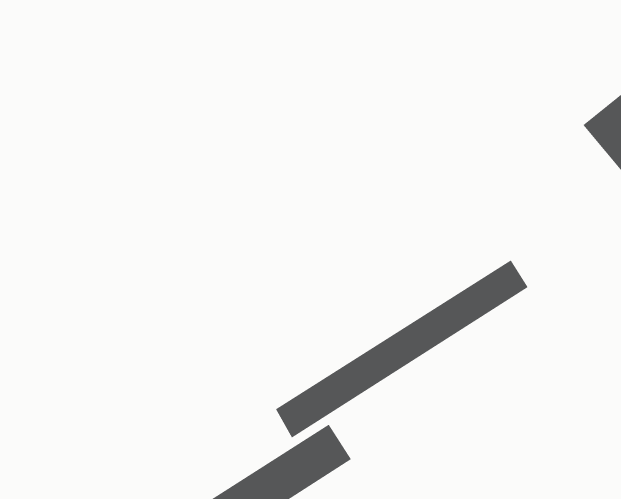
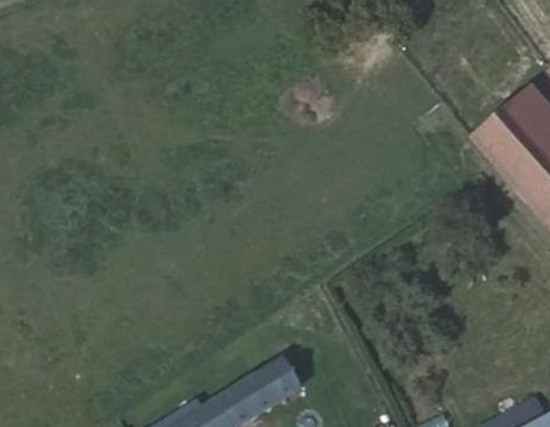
building: [275,259,529,438] -> none

